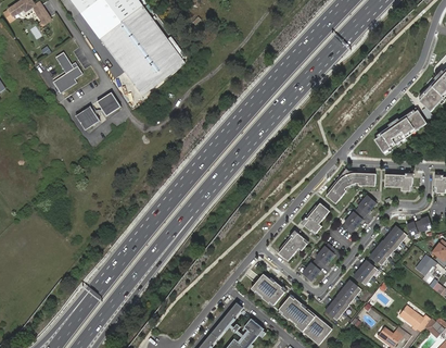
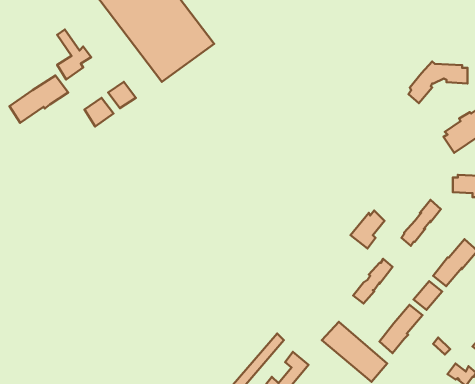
building: none -> [9,75,68,123]
building: [324,167,373,202] -> [408,61,467,103]
building: [277,229,306,260] -> none
building: [249,271,283,306] -> none

